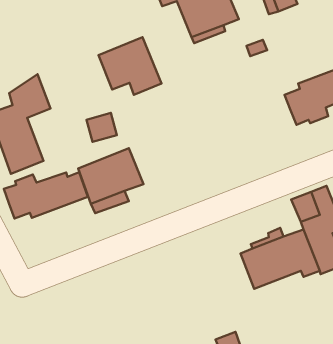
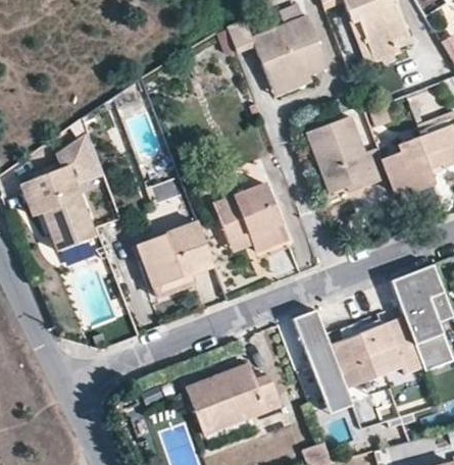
building: [99,37,161,95] -> [215,183,290,251]
building: none -> [308,116,390,194]
building: [4,172,88,219] -> none
building: none -> [293,311,355,417]
building: none -> [188,364,282,433]

